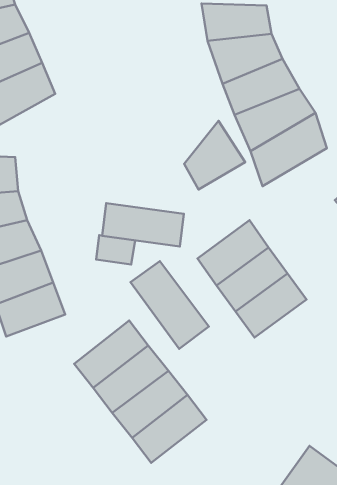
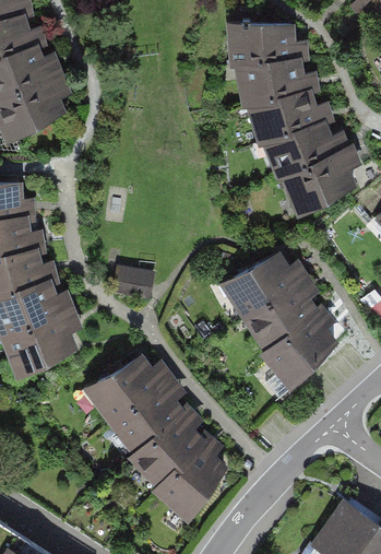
building: [184,121,245,189] -> none
building: [102,203,184,247] -> none
building: [130,261,209,349] -> none

